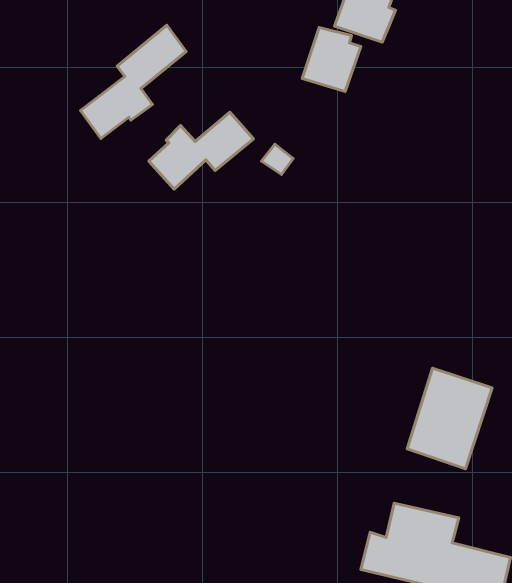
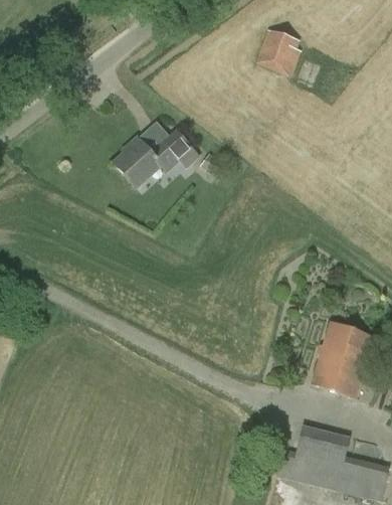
building: [81,25,186,139] -> none
building: [302,27,361,91] -> none

